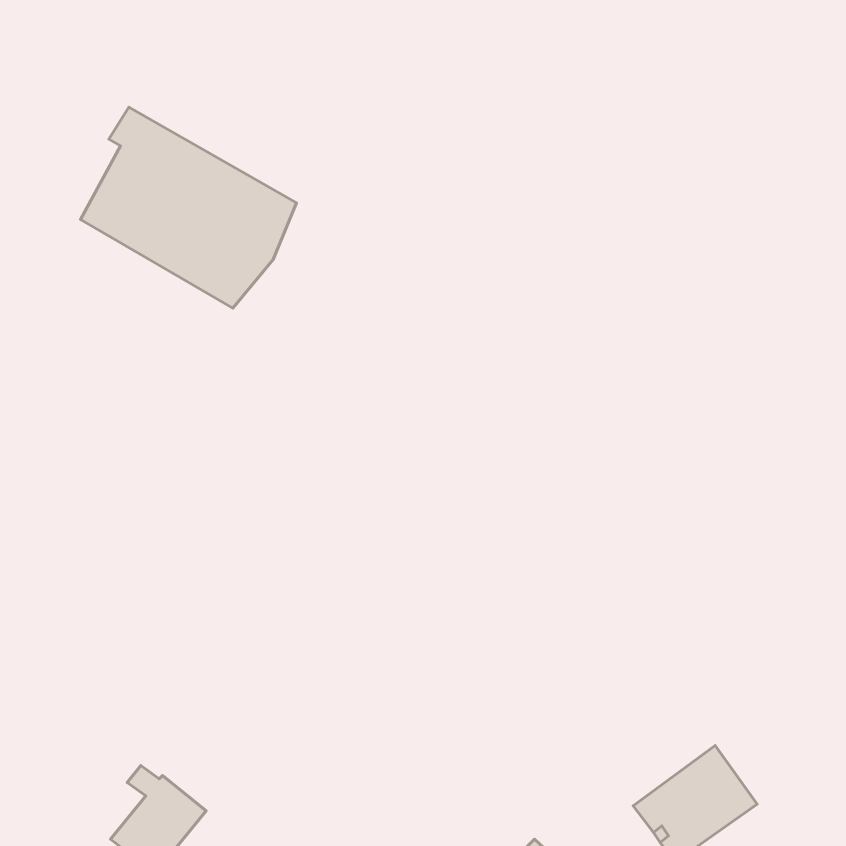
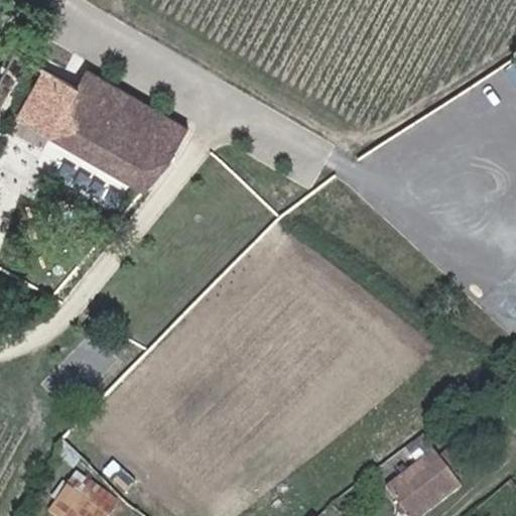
building: none -> [18,77,73,138]

